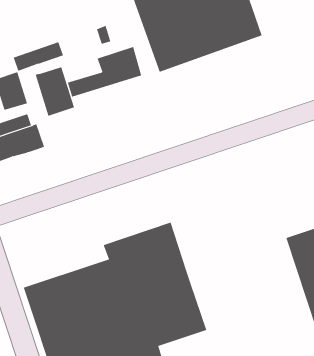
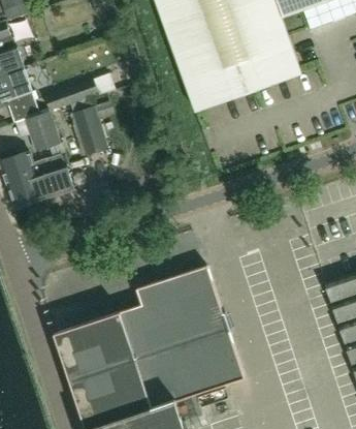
building: [67,46,142,98] -> none

